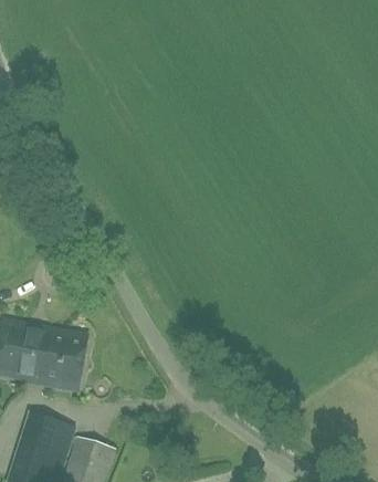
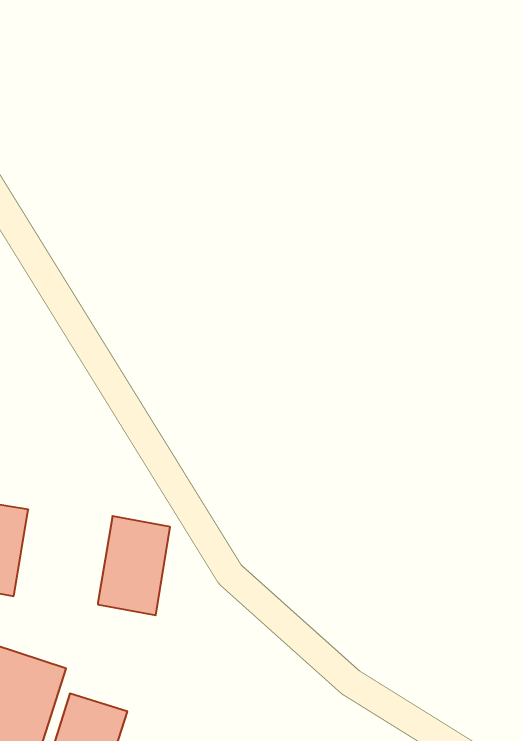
building: [43,327,87,388] -> [98,516,170,615]

